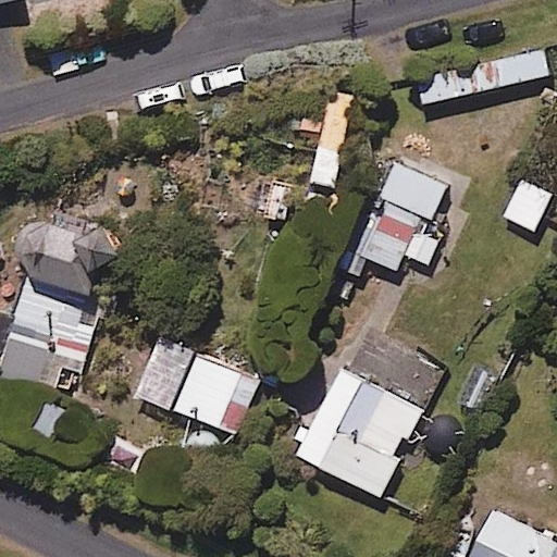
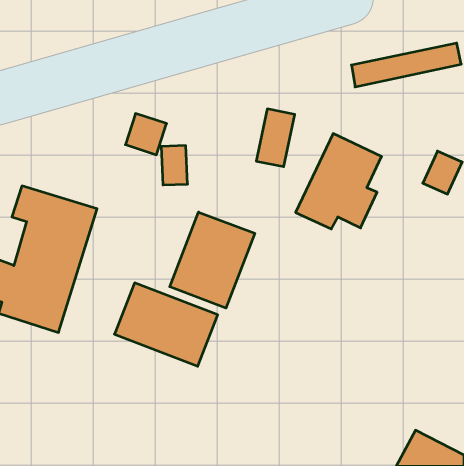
building: none -> [170,212,255,308]
building: [295,369,422,497] -> none

